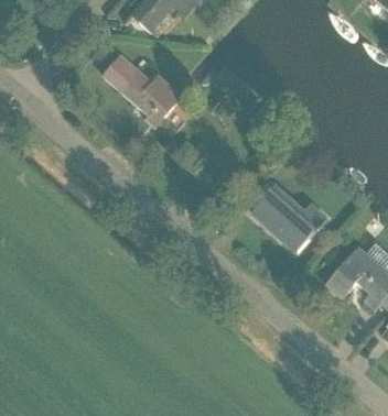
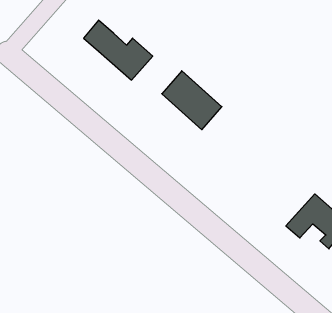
building: [252,185,319,250] -> [162,71,222,130]

